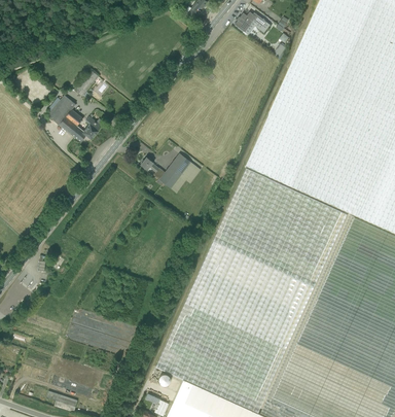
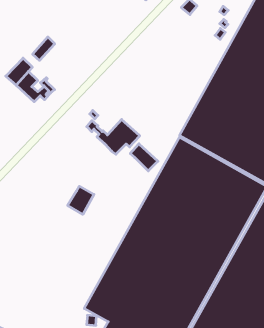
building: none -> [130,144,158,171]
building: none -> [68,186,94,214]

